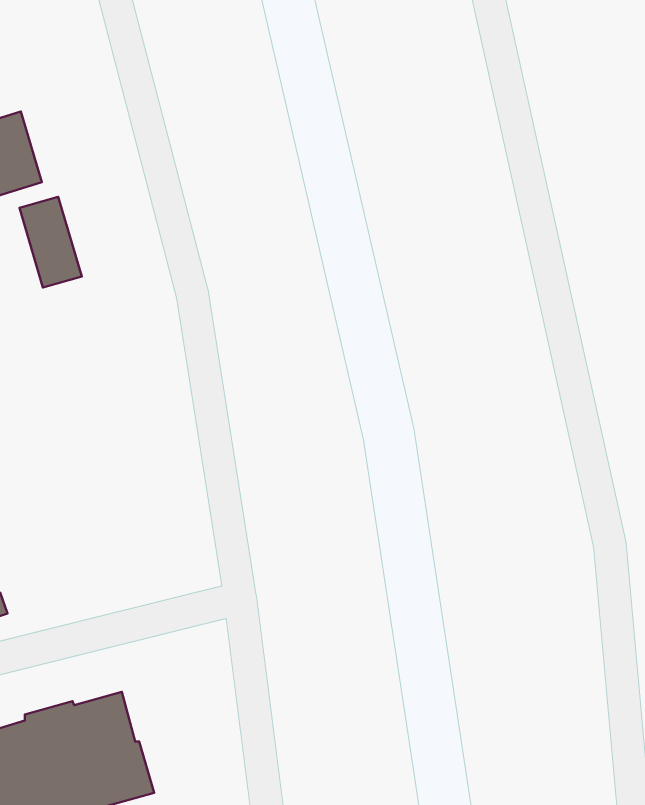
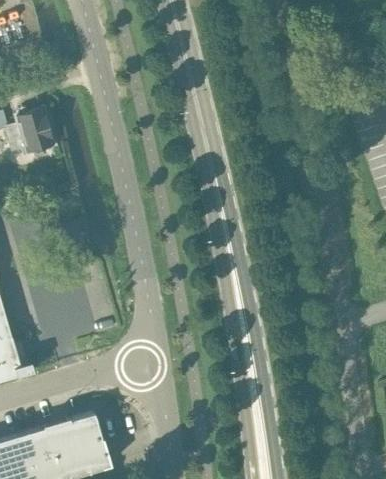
building: [19,197,82,287] -> none

